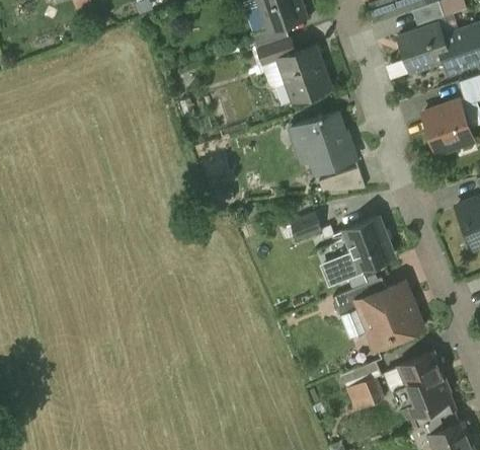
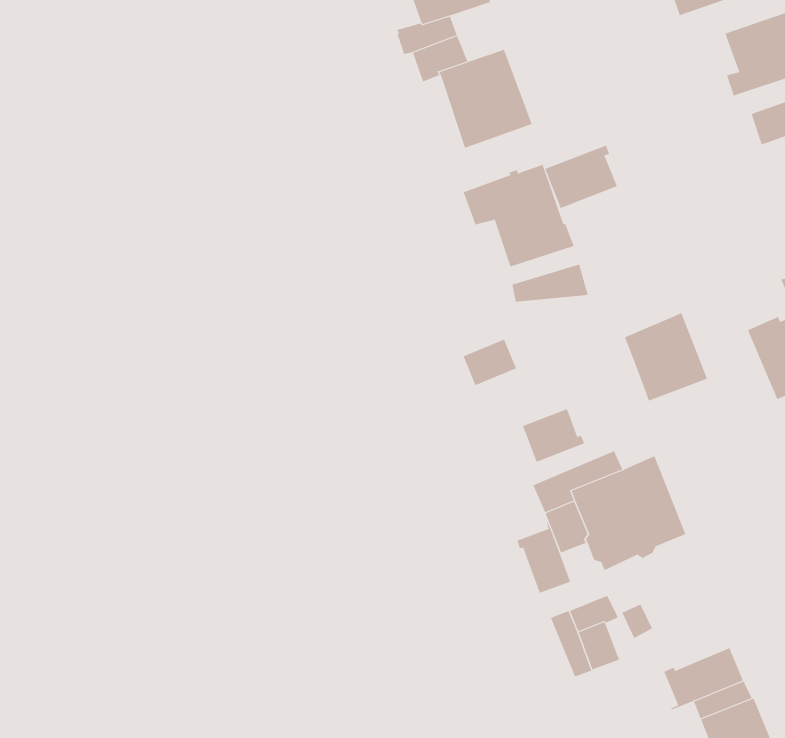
building: [397,24,452,73] -> none
building: none -> [545,145,617,209]
building: [423,102,473,154] -> none
building: [344,219,393,271] -> [624,313,708,402]
building: none -> [517,521,571,594]
building: [399,354,449,406] -> none

